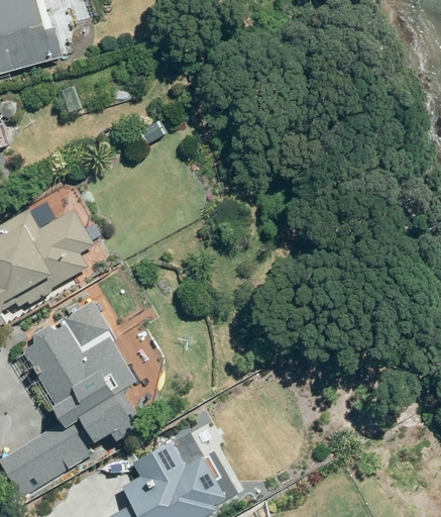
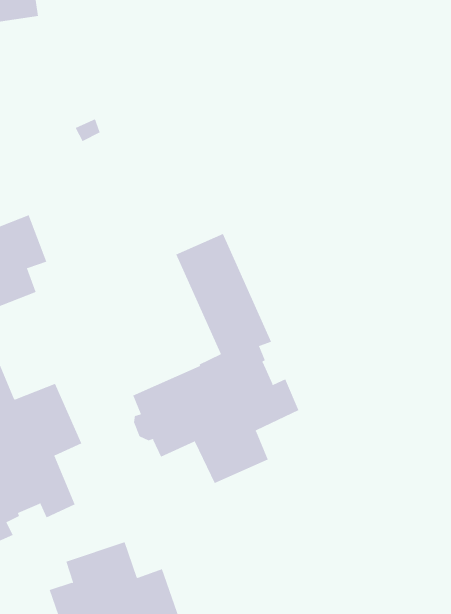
building: none -> [133,233,299,484]

